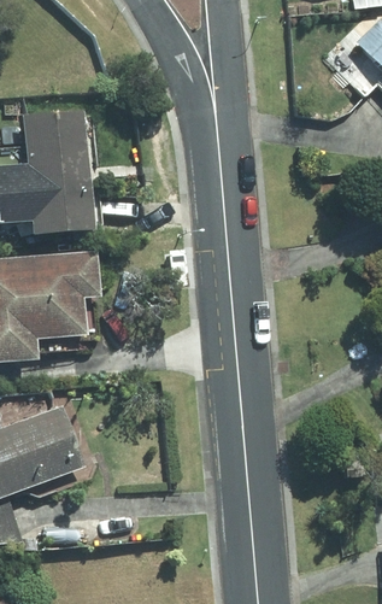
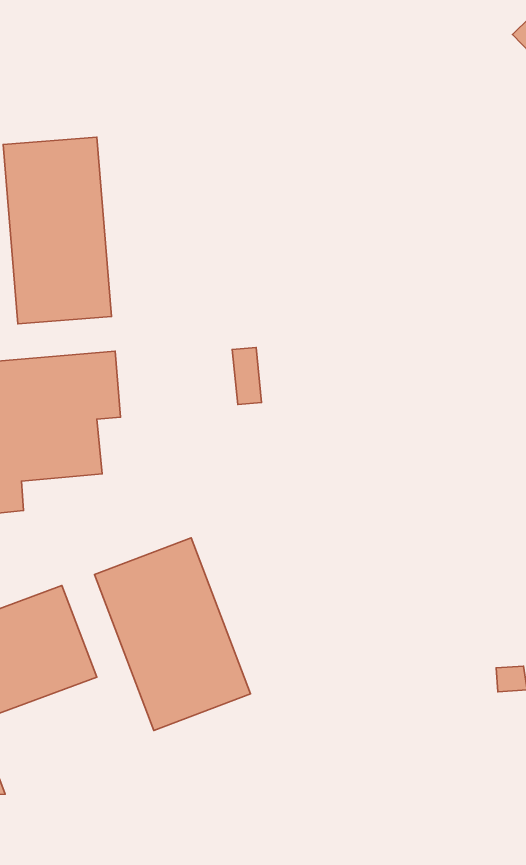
building: none -> [95,538,250,731]

